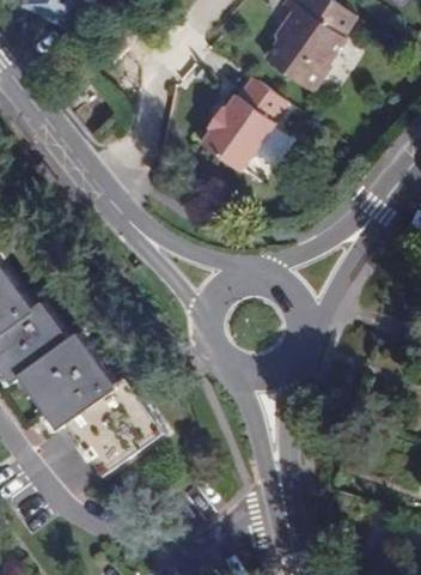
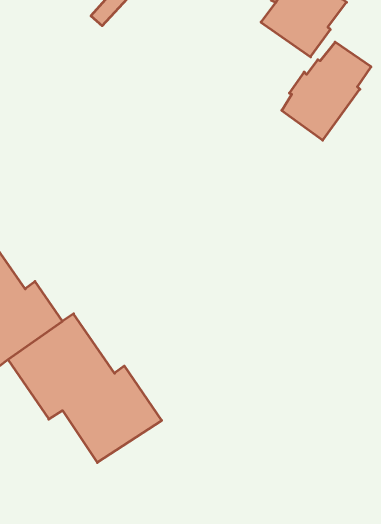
building: [200,77,286,171] -> [282,42,371,140]

